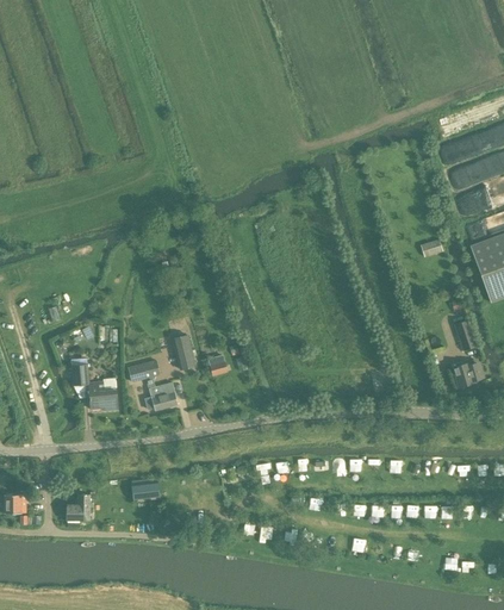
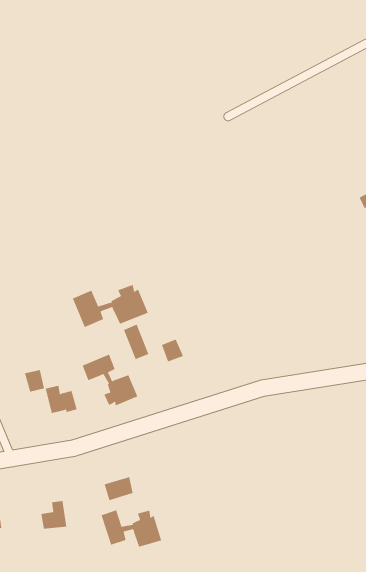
building: none -> [72,284,149,328]
building: none -> [101,509,162,548]

